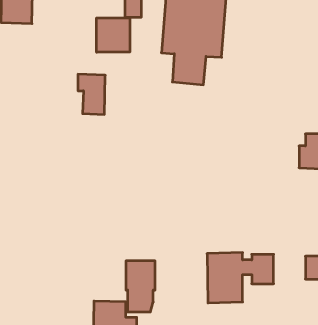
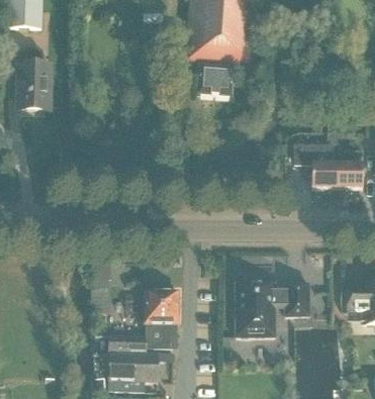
building: [97,18,130,52] -> none
building: [78,74,105,114] -> [18,65,49,109]
building: none -> [294,145,338,188]

